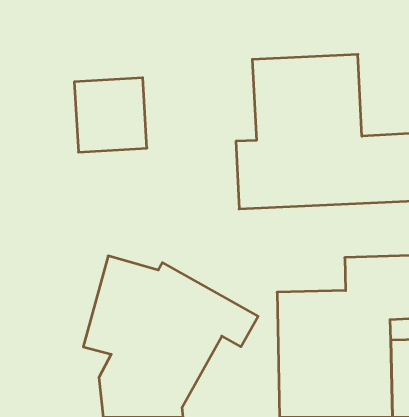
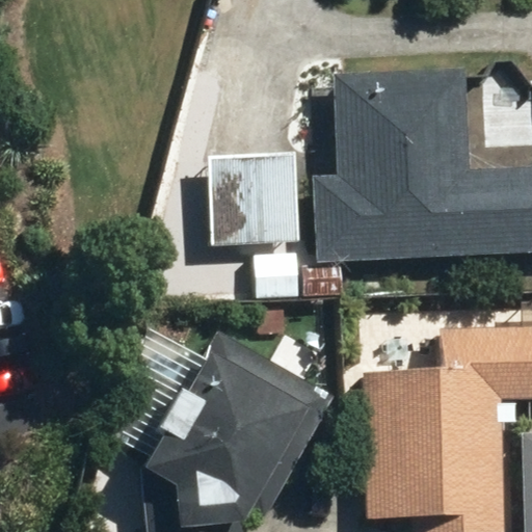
building: [74,78,147,152] -> [211,153,302,246]

